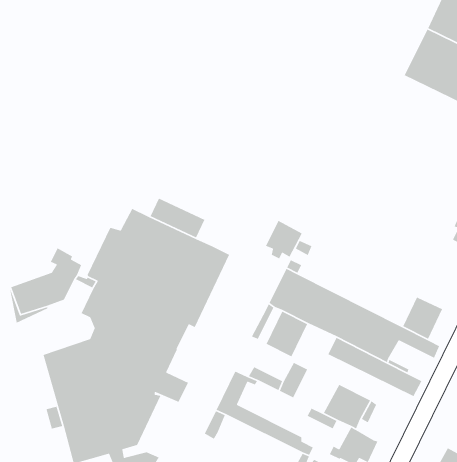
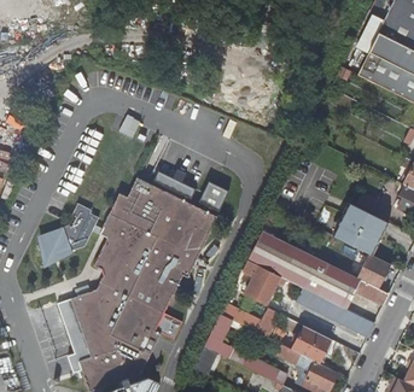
building: [265,220,303,259] -> [197,182,228,215]
building: none -> [334,203,386,253]

